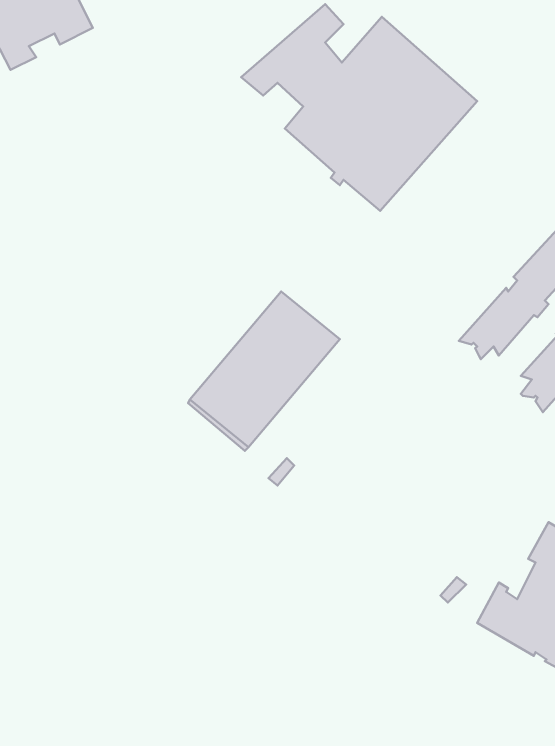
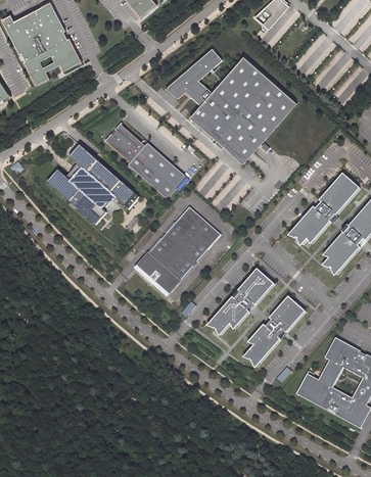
building: none -> [105,125,186,198]
building: none -> [49,146,140,225]
building: none -> [207,269,274,336]
building: none -> [243,295,306,368]

